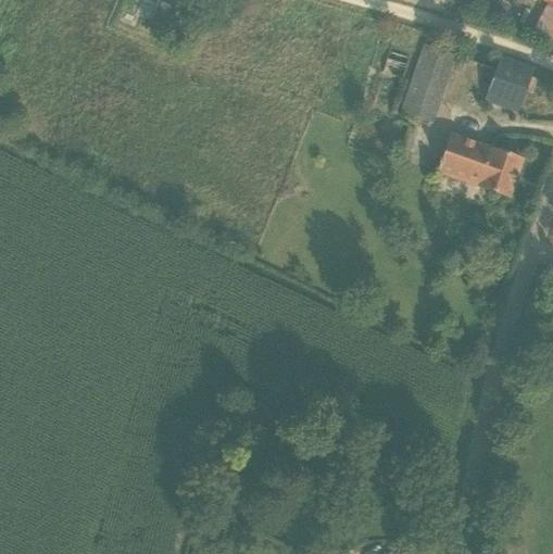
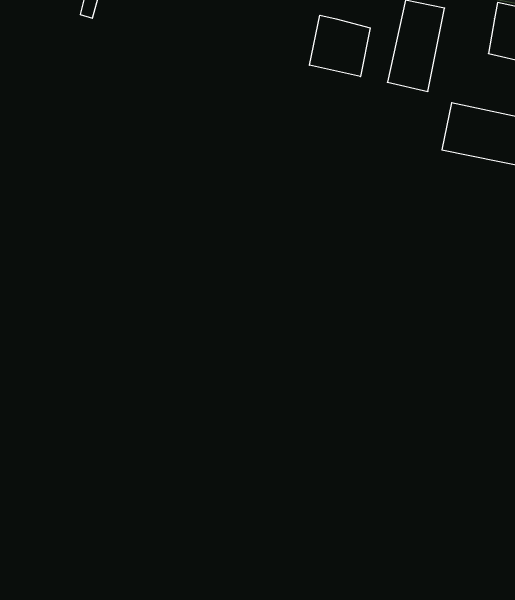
building: none -> [309,15,370,77]

